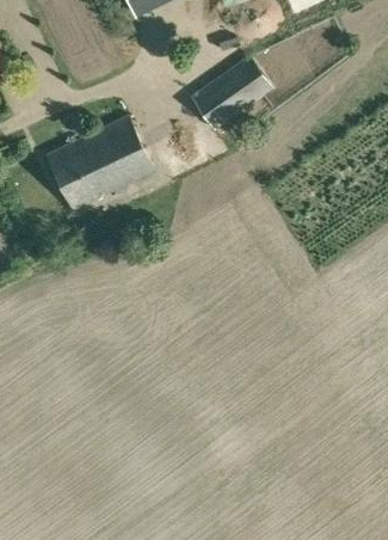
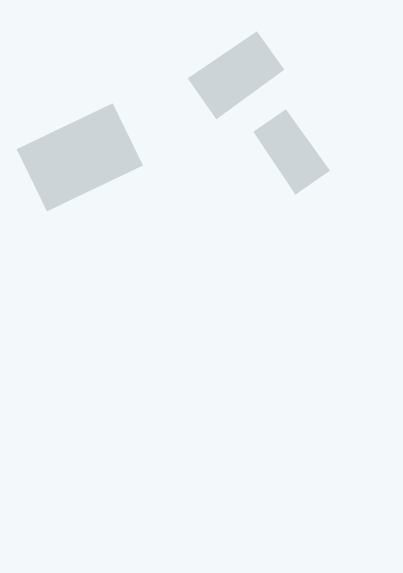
building: none -> [252,108,331,196]

